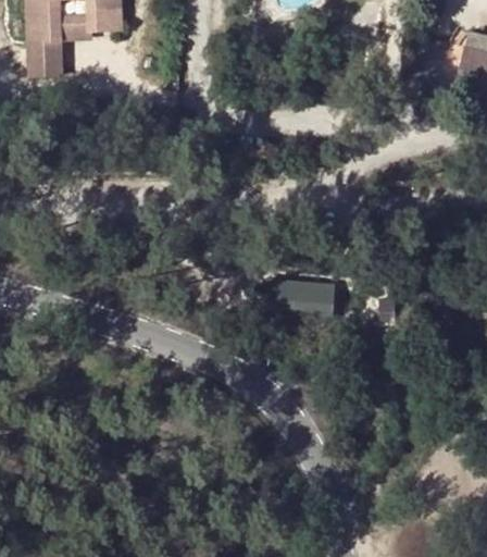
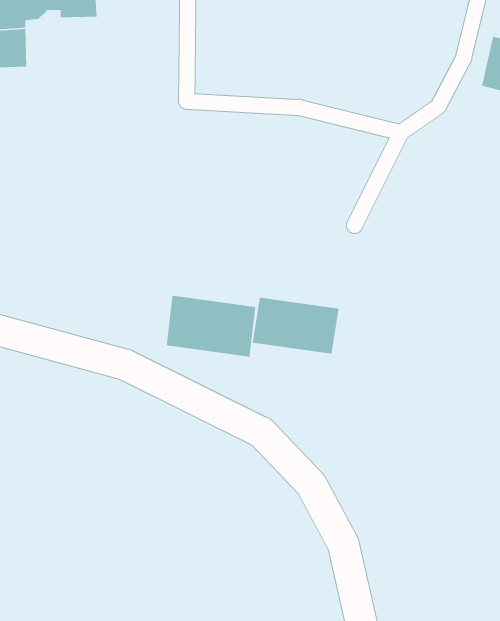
building: none -> [166,295,256,358]

